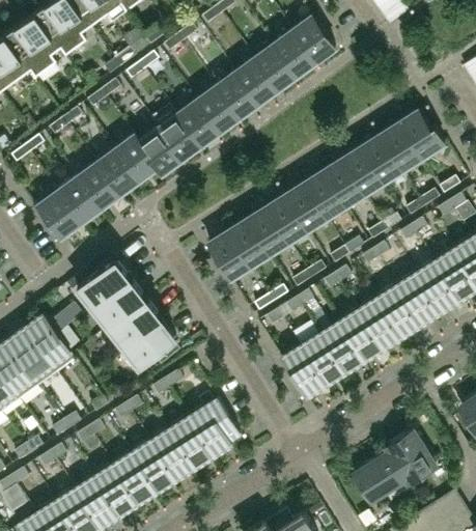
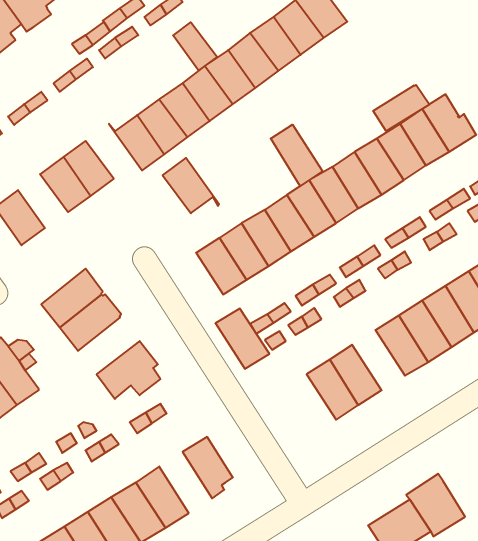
building: none -> [173,22,217,71]
building: none -> [373,85,429,131]
building: [114,134,162,180] -> [163,158,219,213]
building: none -> [271,125,322,186]
building: [57,176,100,222] -> none
building: [108,298,162,345] -> none
building: [339,308,384,359] -> none
building: [280,345,326,396] -> [215,309,269,369]
building: [176,411,221,463] -> none

